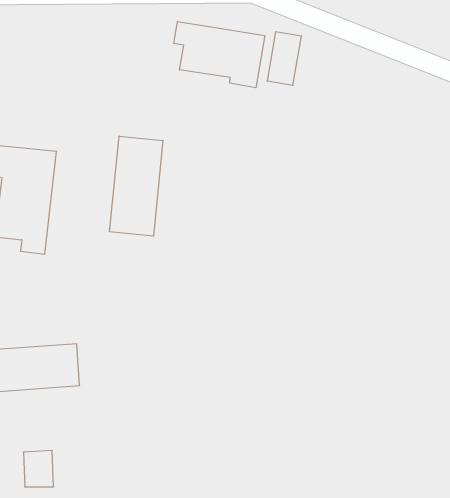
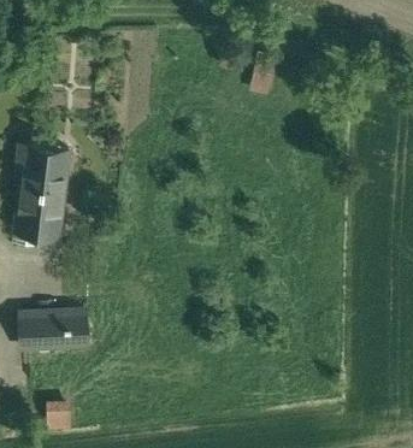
building: [174,21,265,88] -> none
building: [110,136,163,236] -> none

